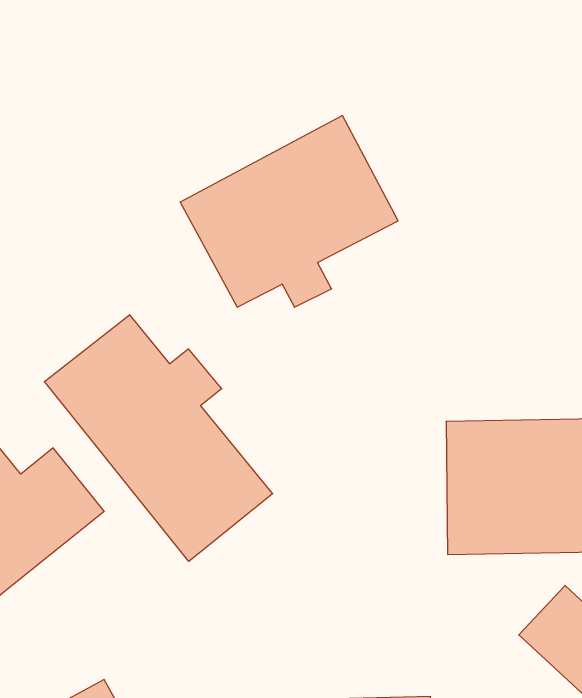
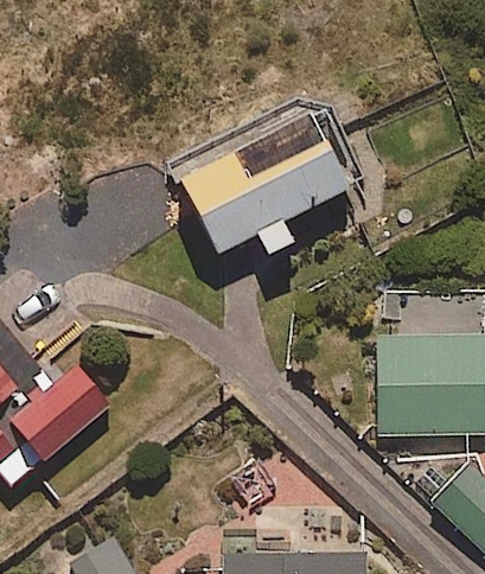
building: [44,315,272,561] -> none

